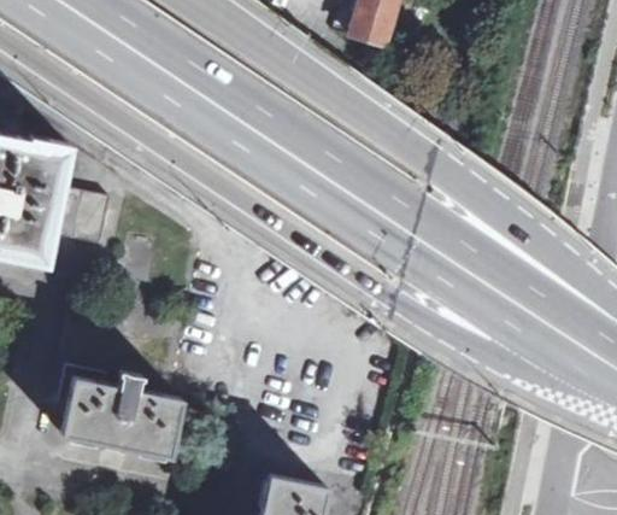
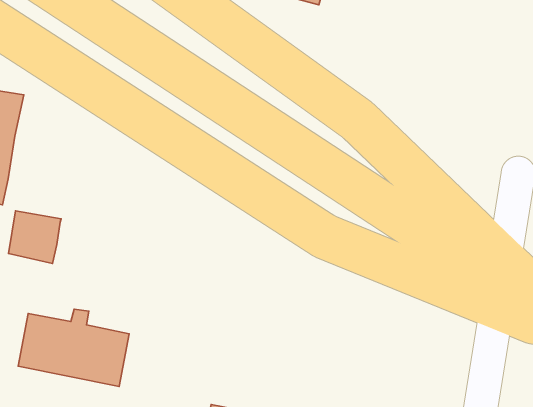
building: [52,188,108,245] -> [9,211,61,264]

